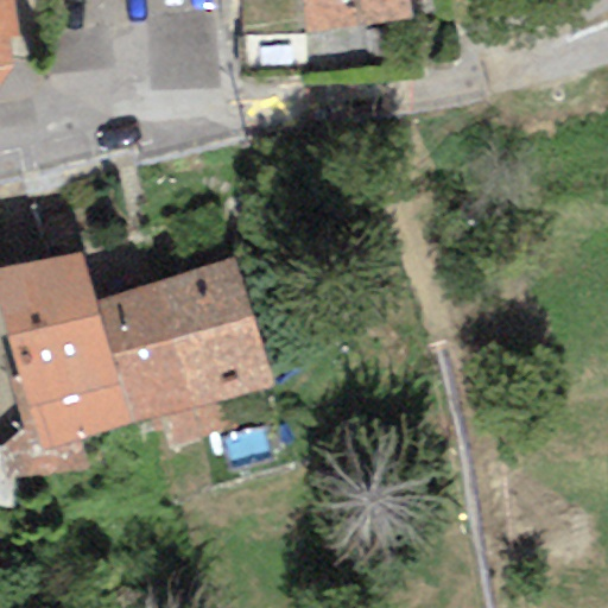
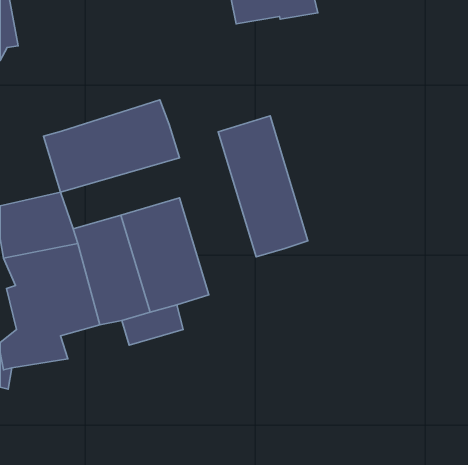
building: none -> [44,100,179,192]
building: none -> [218,116,308,257]

